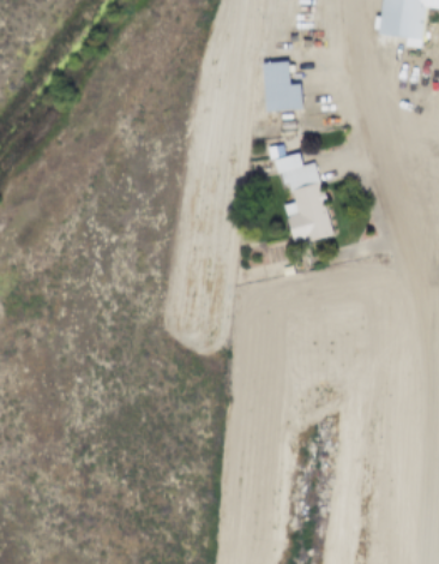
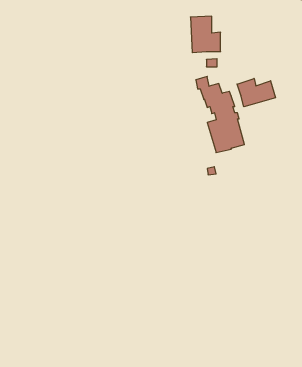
building: none -> [237,78,275,107]

